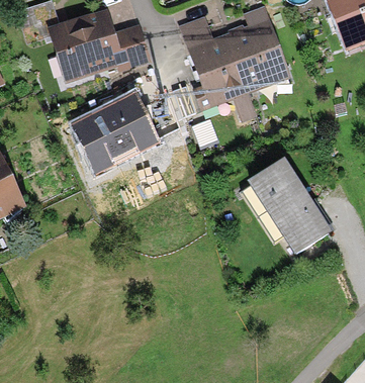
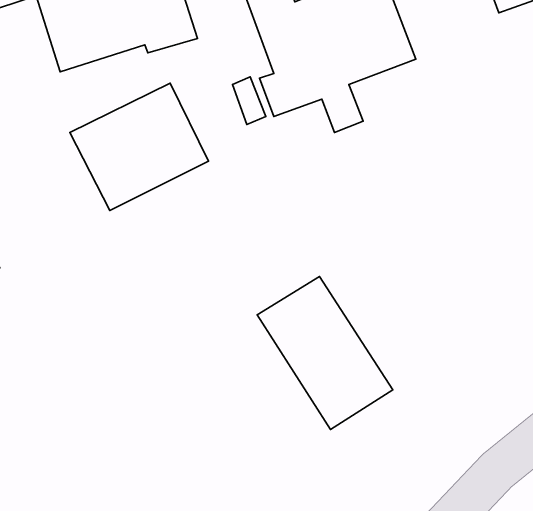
building: [247,158,333,255] -> [257,276,393,430]

